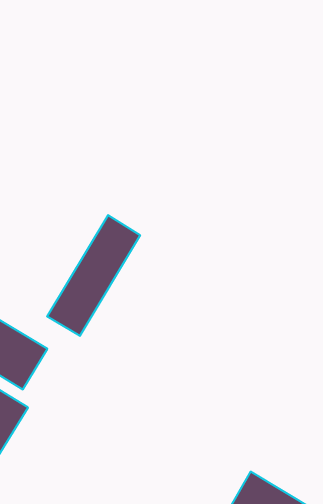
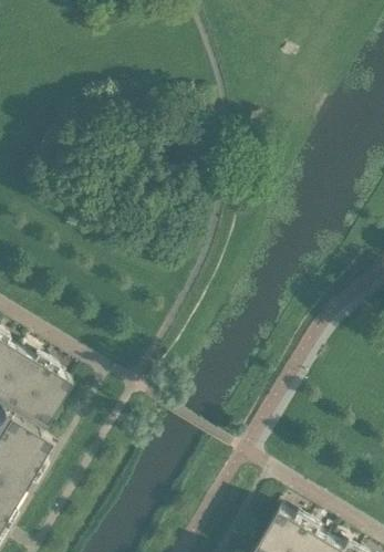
building: [47,215,140,336] -> none

